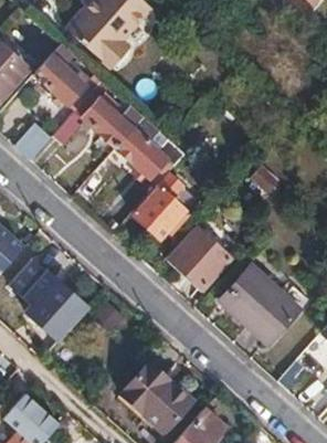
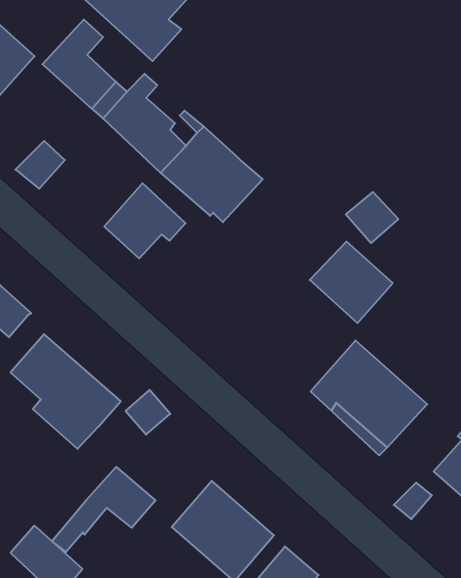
building: [135,188,191,240] -> [104,183,186,258]
building: [172,231,230,287] -> [310,242,393,323]
building: none -> [52,467,156,552]

